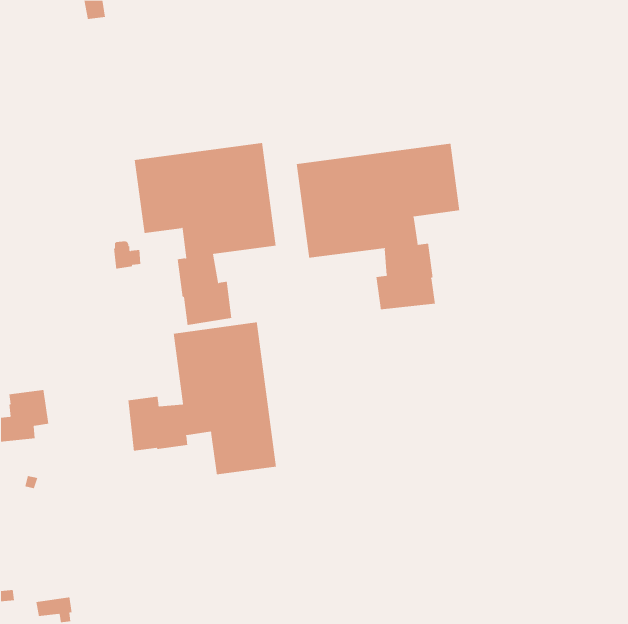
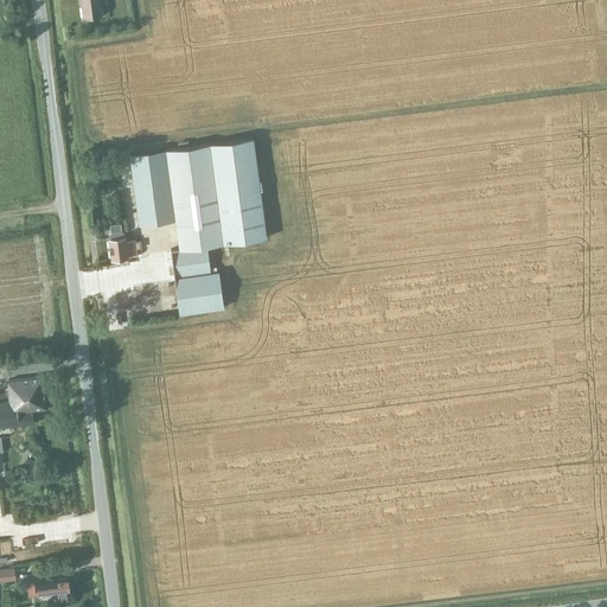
building: [296,143,460,310] -> none
building: [128,322,277,475] -> none

